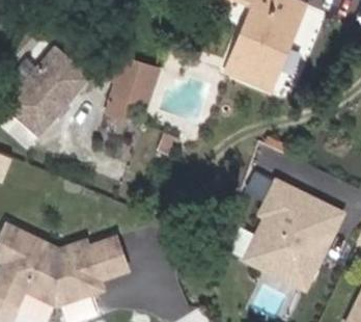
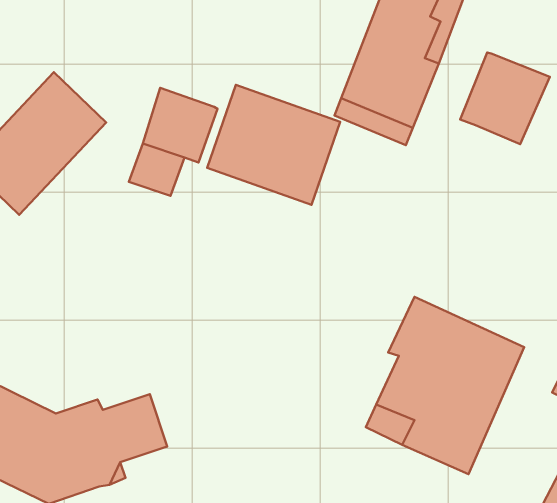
building: none -> [460,52,550,144]
building: none -> [207,85,340,205]

